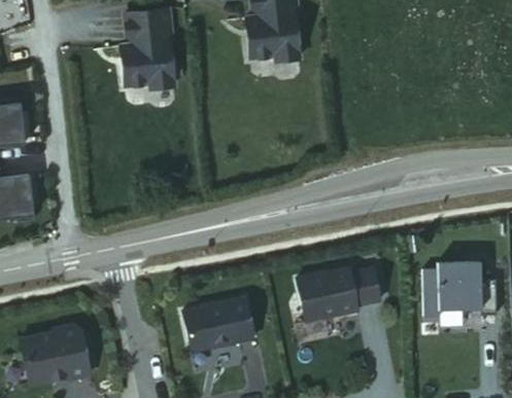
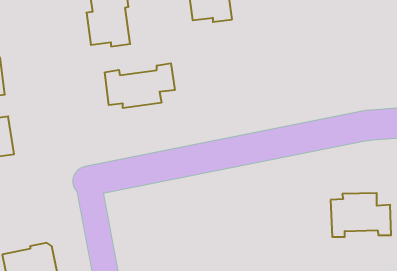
building: none -> [105,63,175,108]
building: [297,269,380,323] -> none
building: [182,299,253,352] -> none

